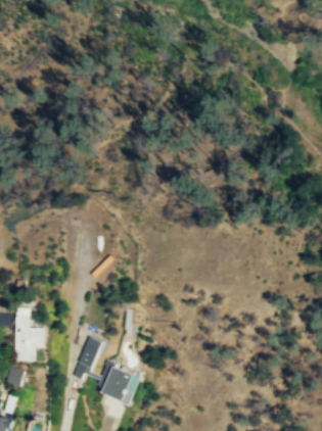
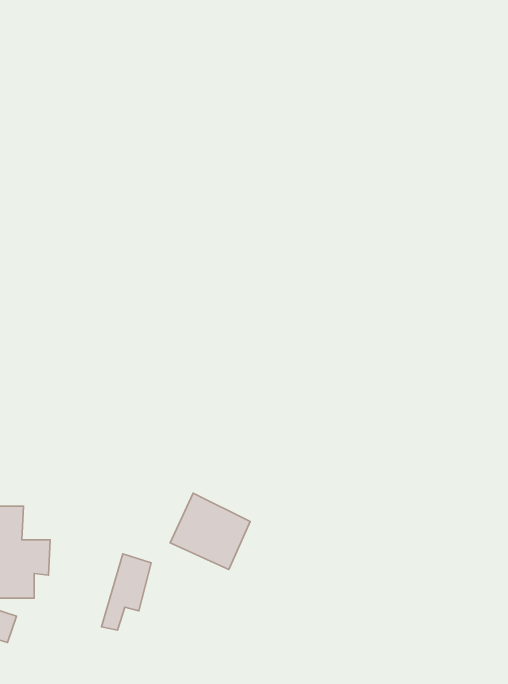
building: [93,362,139,405] -> [170,493,250,569]

